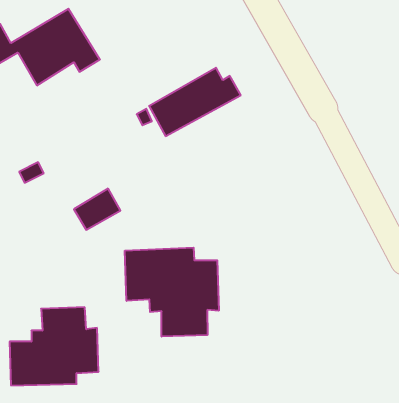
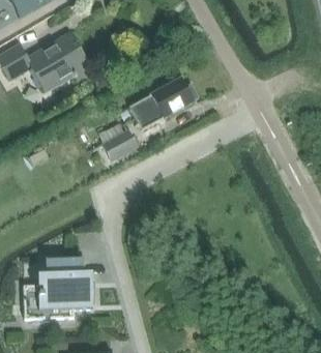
building: [74,189,120,230] -> [103,130,138,161]
building: [125,248,219,337] -> none

